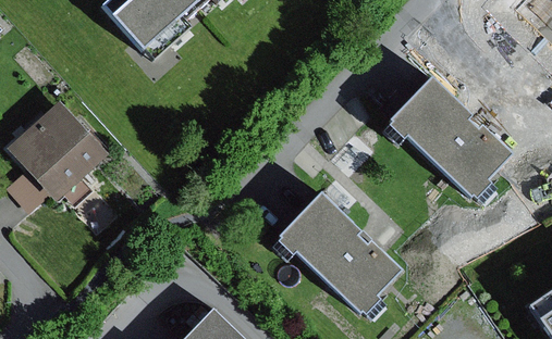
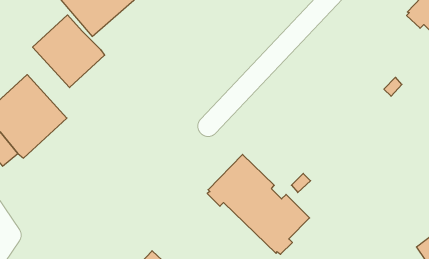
building: none -> [33,15,105,88]
building: [389,77,512,198] -> none

